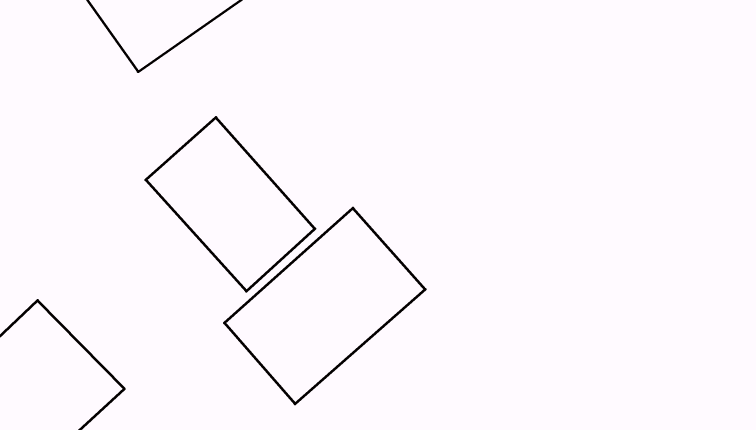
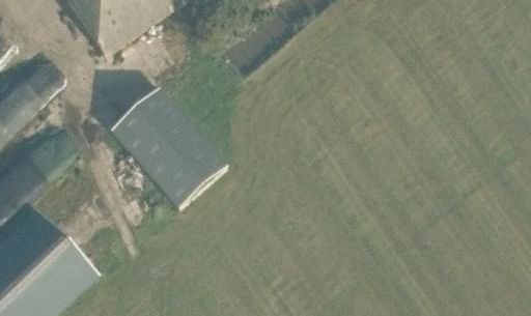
building: [224,208,425,404] -> none

